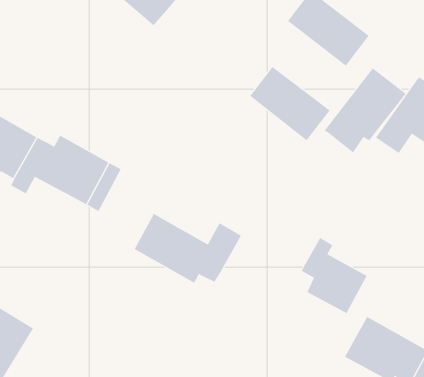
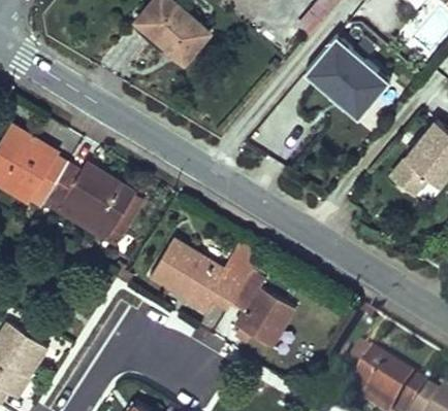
building: [249,66,330,141] -> none
building: [324,68,407,153] -> none
building: [301,237,368,314] -> [233,272,296,346]

